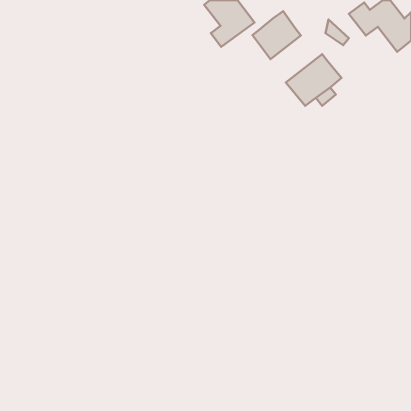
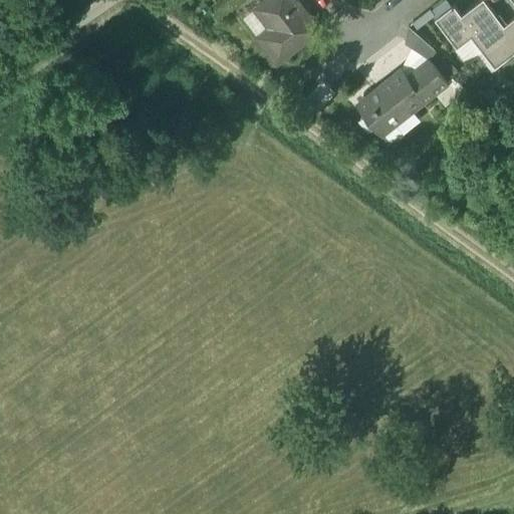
building: [253,11,301,59] -> none
building: none -> [408,62,446,99]

